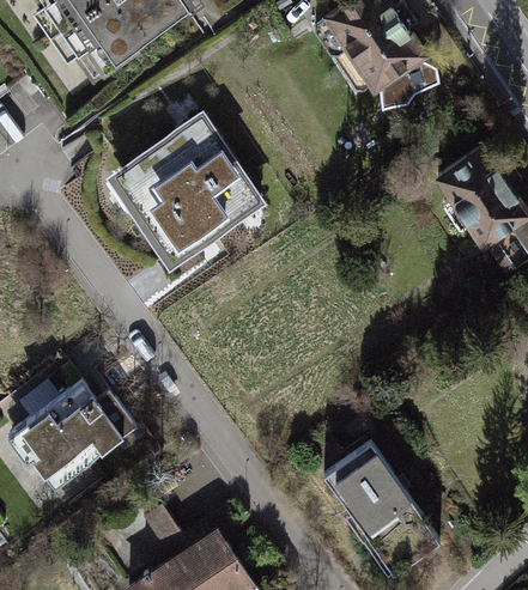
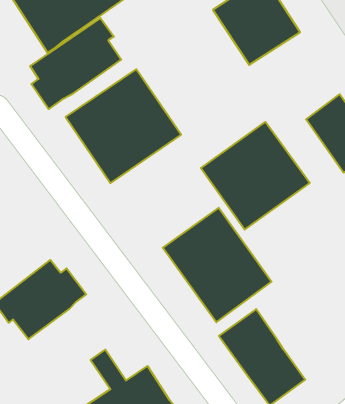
building: none -> [30,18,121,109]
building: none -> [201,122,310,230]
building: none -> [163,208,272,322]

